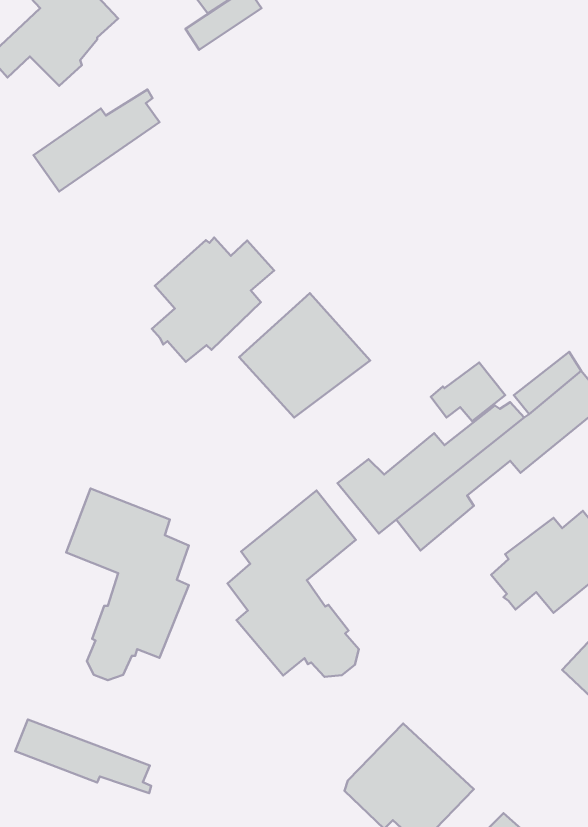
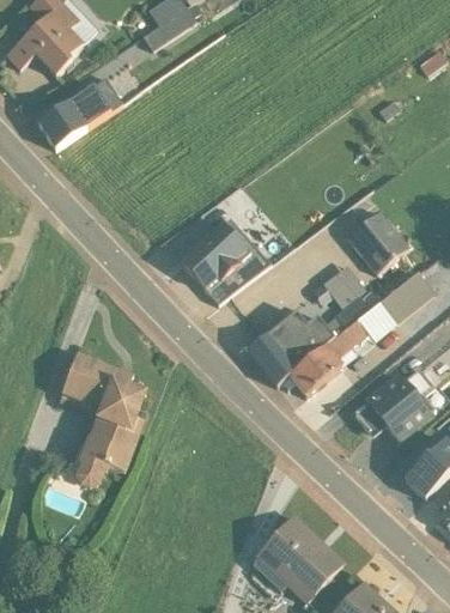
building: [152,238,274,362] -> none
building: none -> [346,211,408,273]
building: [227,491,359,677] -> none
building: [15,719,151,793] -> none

